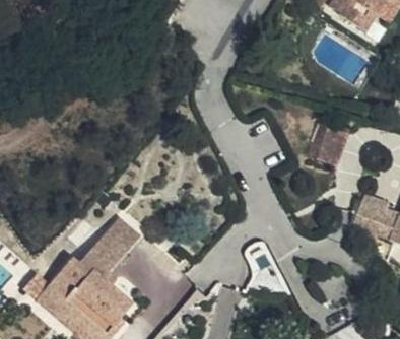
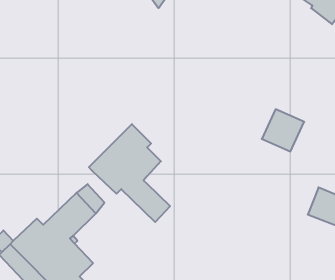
building: none -> [89,124,170,222]

